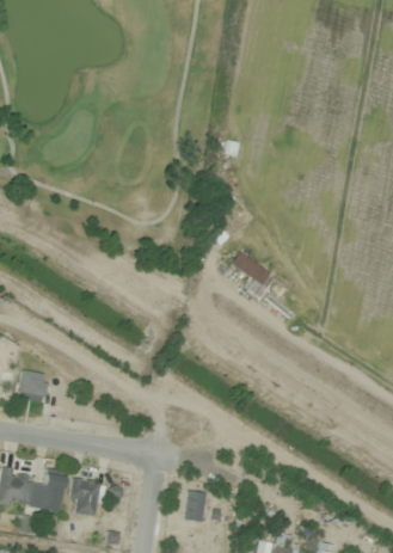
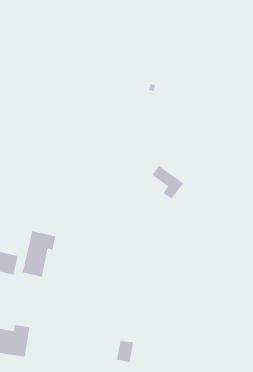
building: none -> [22,230,56,278]
building: [69,477,100,515] -> none

